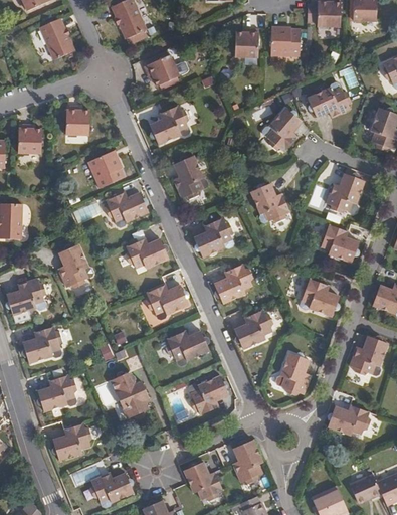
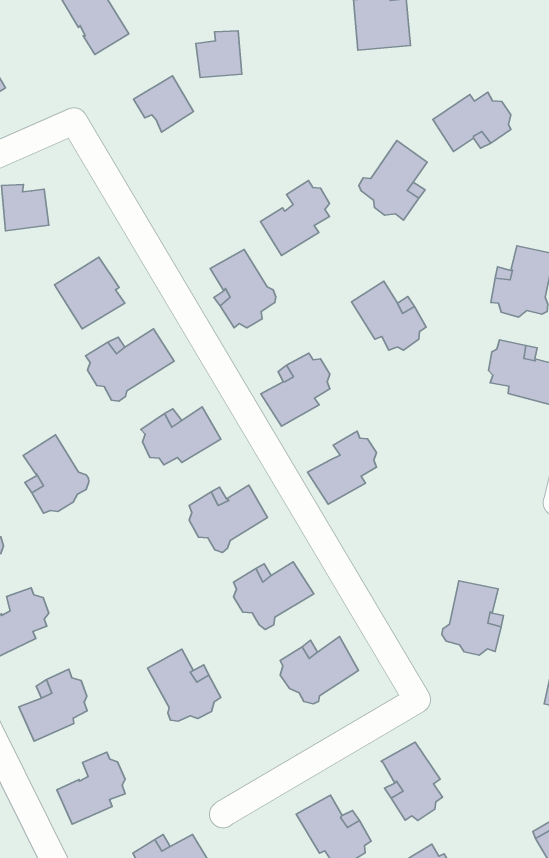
building: [235,28,259,53] -> [196,31,242,78]
building: [150,105,189,144] -> [261,181,330,255]
building: [299,278,339,316] -> none
building: [234,309,272,348] -> none

